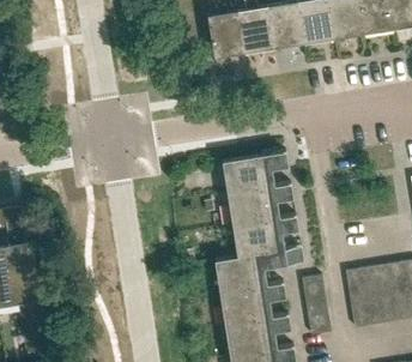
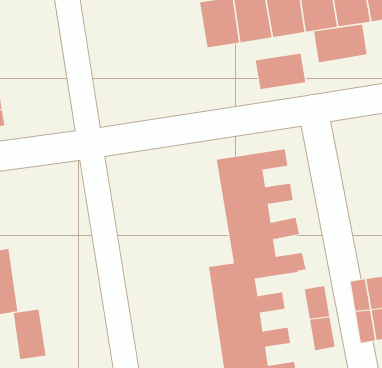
building: none -> [313,24,367,63]
building: none -> [255,53,306,90]
building: none -> [13,309,46,360]

